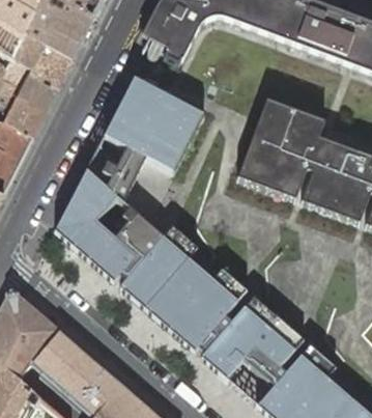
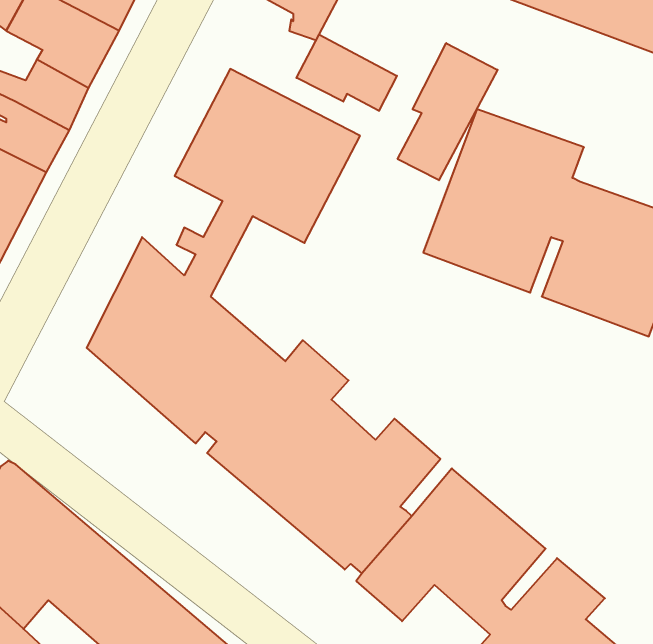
building: none -> [296,34,397,111]
building: none -> [398,43,498,180]

